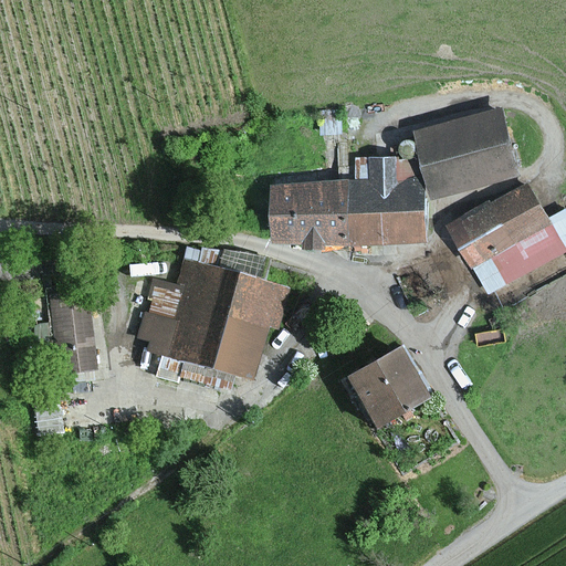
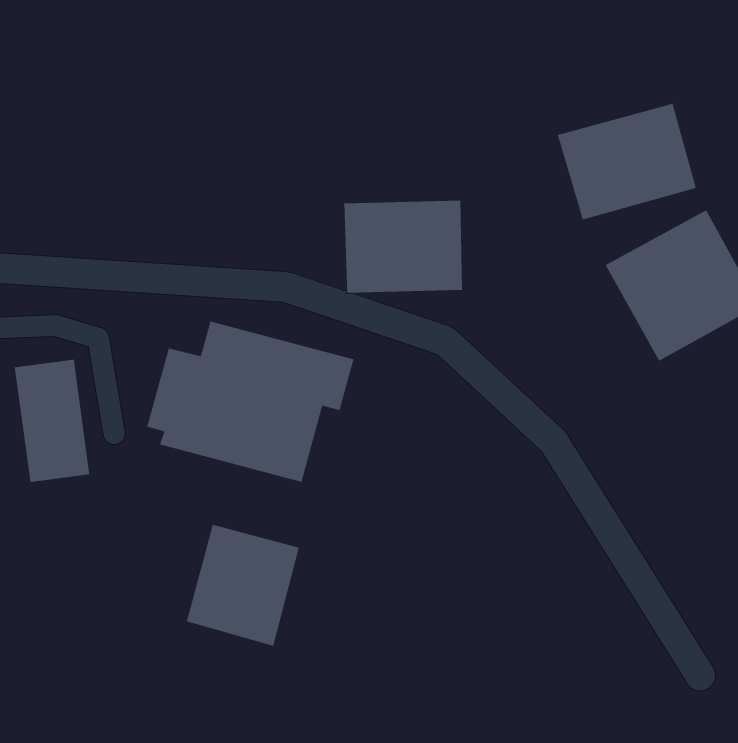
building: [356,157,431,242] -> none
building: [344,350,421,428] -> none
building: none -> [186,524,300,647]

